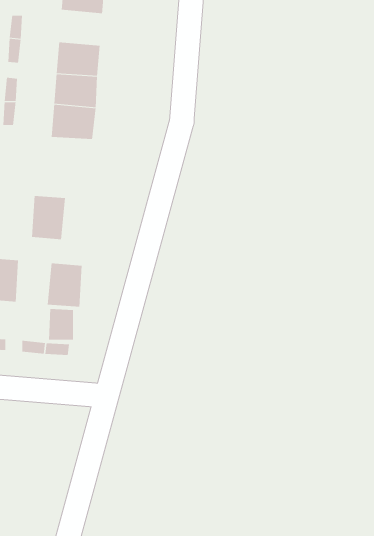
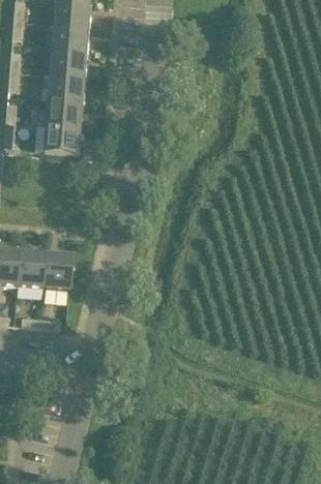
building: none -> [50,47,86,75]
building: [31,195,66,240] -> [16,250,43,286]

